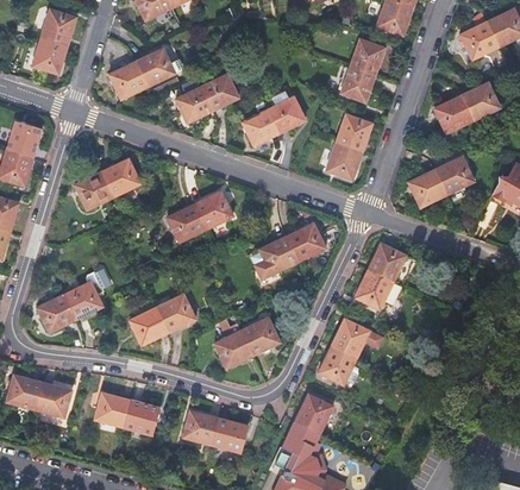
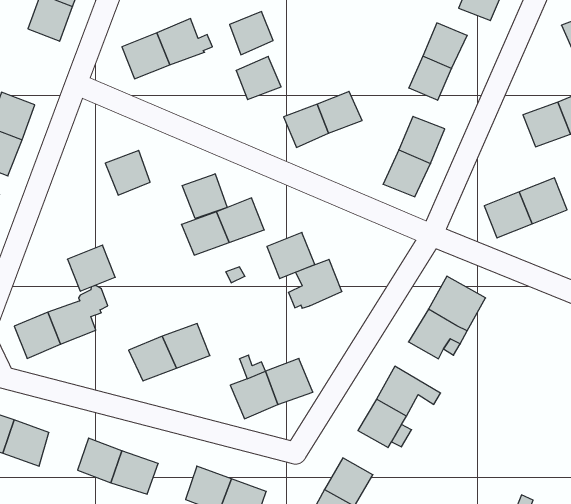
building: [176,89,212,125] -> [230,12,273,55]
building: [74,170,113,208] -> [67,245,115,291]
building: none -> [182,174,227,218]
building: [286,222,325,260] -> [267,232,315,279]

